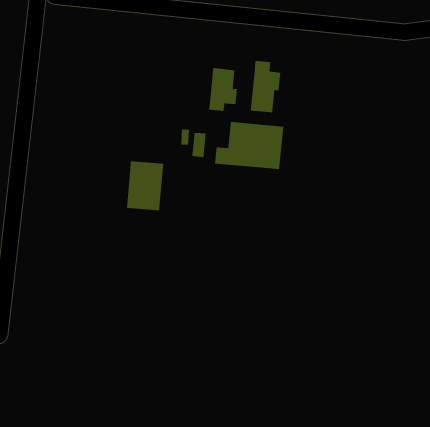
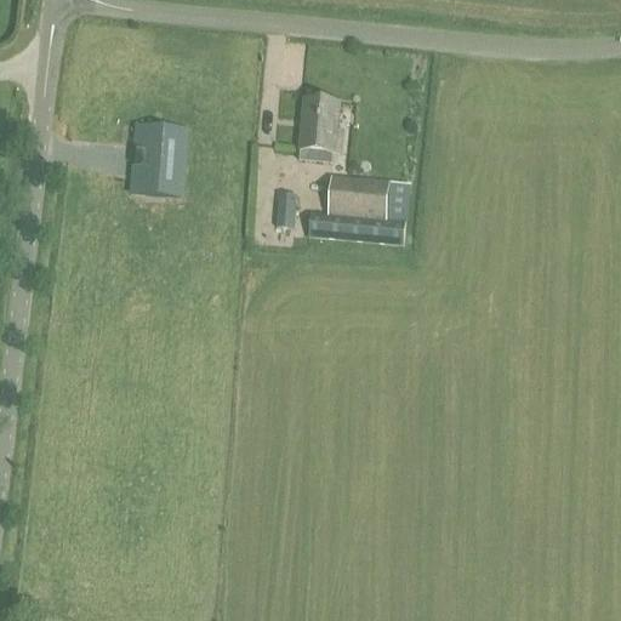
building: [250,60,281,113] -> none
building: [126,161,164,211] -> [130,123,184,194]

